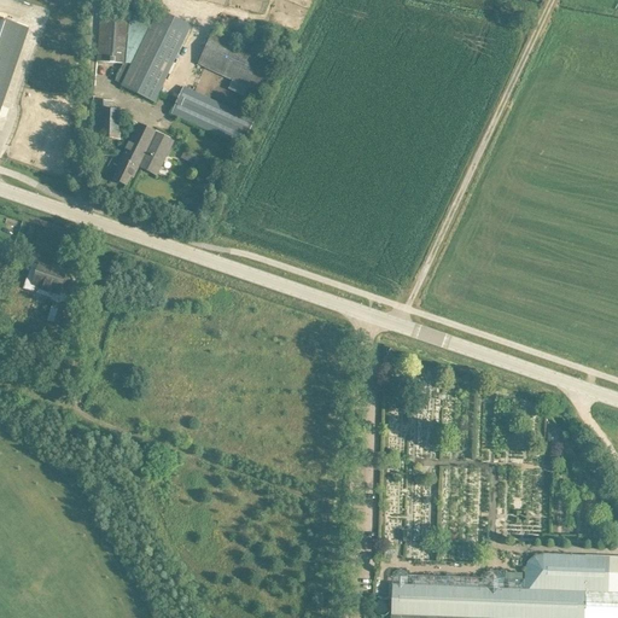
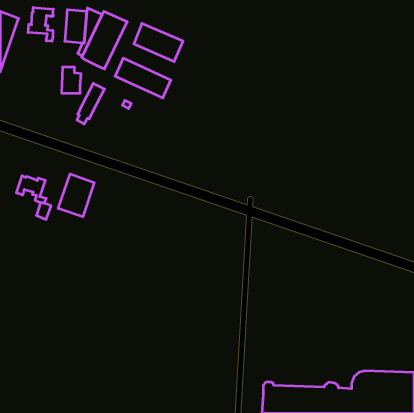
building: none -> [28,7,53,41]
building: [139,133,173,175] -> none
building: none -> [58,174,94,217]

